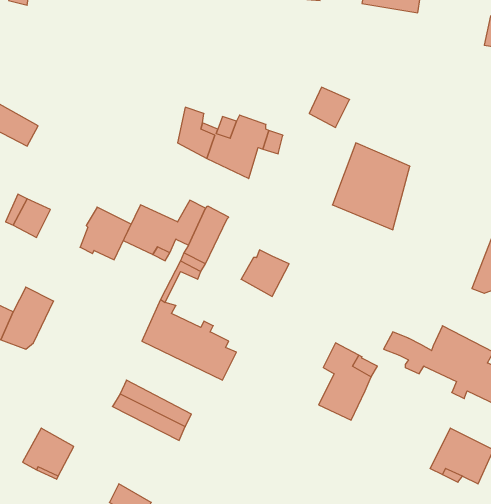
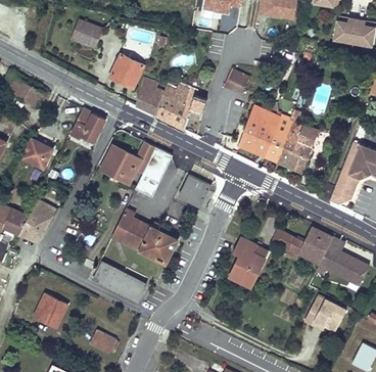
building: none -> [72,19,102,48]
building: none -> [109,53,144,88]
building: none -> [278,121,318,172]
building: [80,207,131,260] -> [72,108,105,143]

